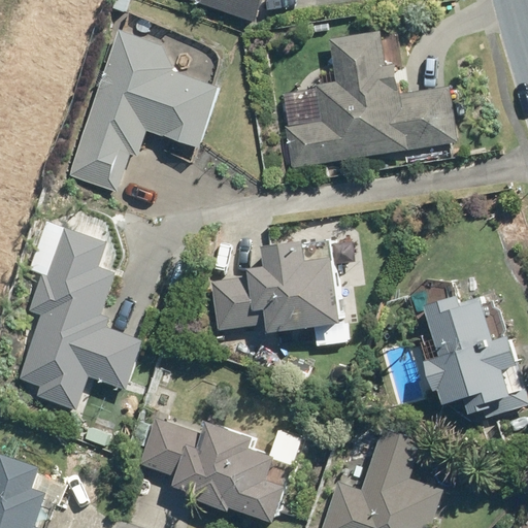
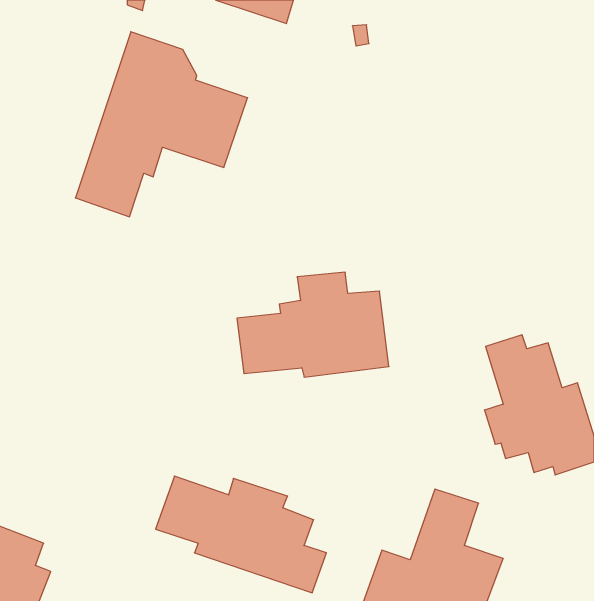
building: [282,31,456,167] -> none
building: [19,230,151,414] -> none

